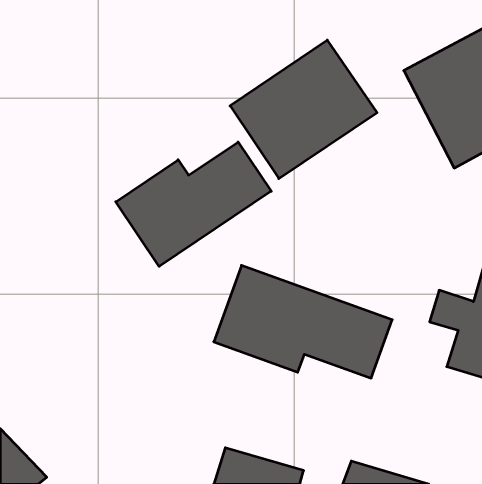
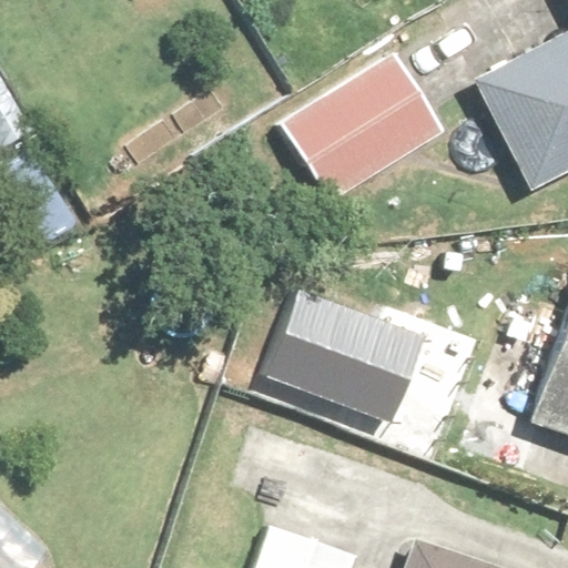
building: [116,142,271,266] -> none

